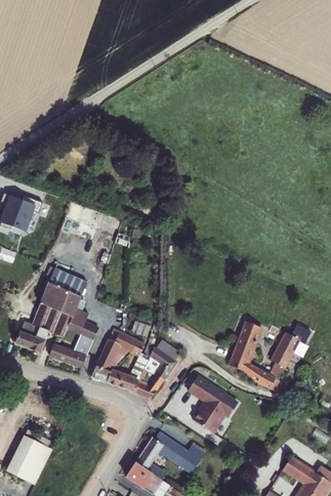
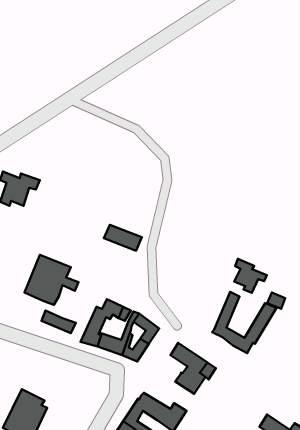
building: [45,267,86,295] -> [104,225,142,250]
building: none -> [234,259,267,293]
building: [66,315,97,356] -> none
building: [13,320,47,350] -> none

